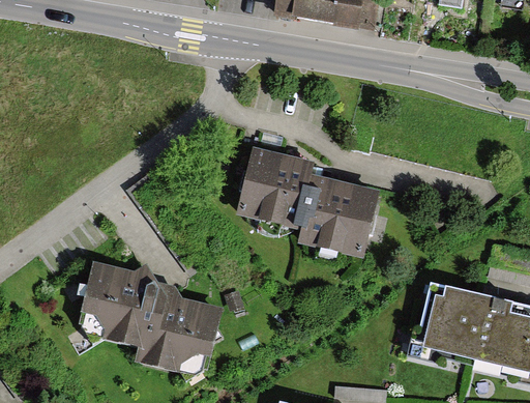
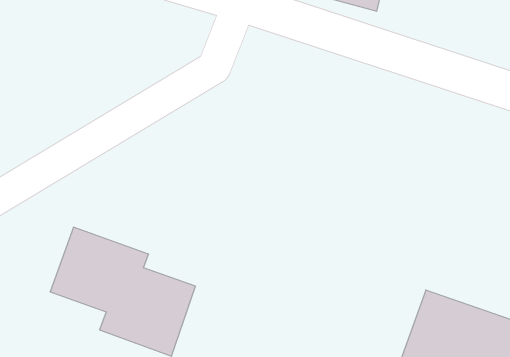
building: [243,146,380,255] -> none

